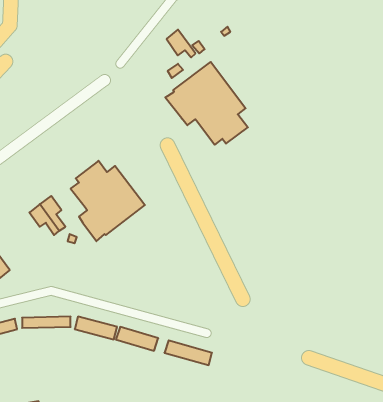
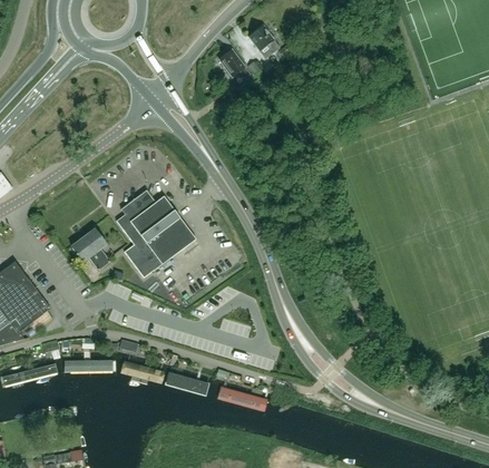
building: none -> [248,26,280,58]
building: [165,62,248,145] -> none

